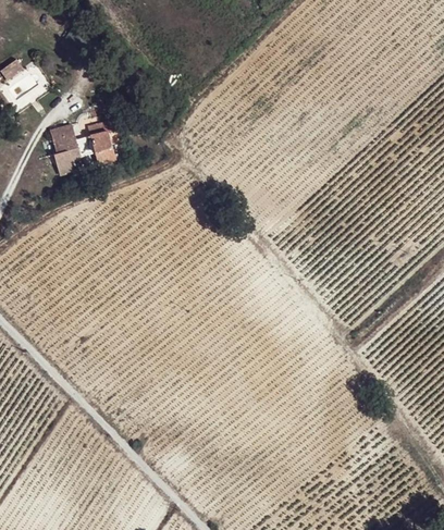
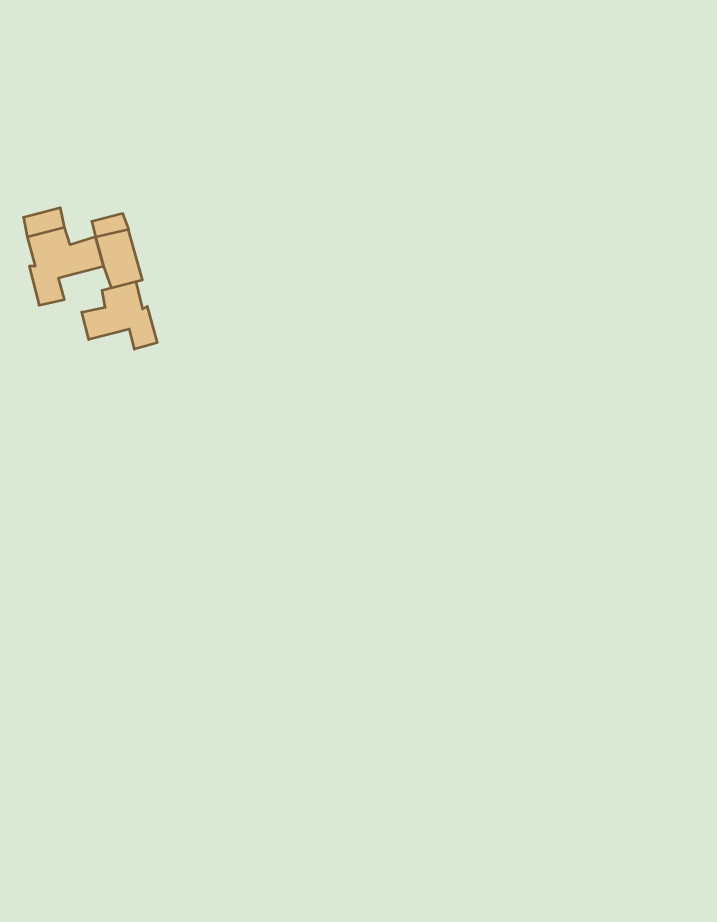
building: none -> [82,282,157,349]

